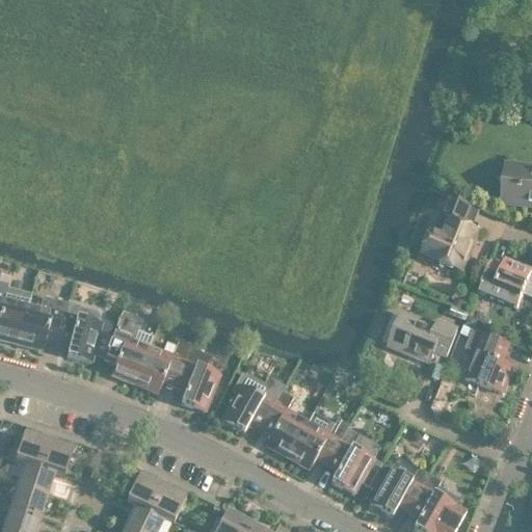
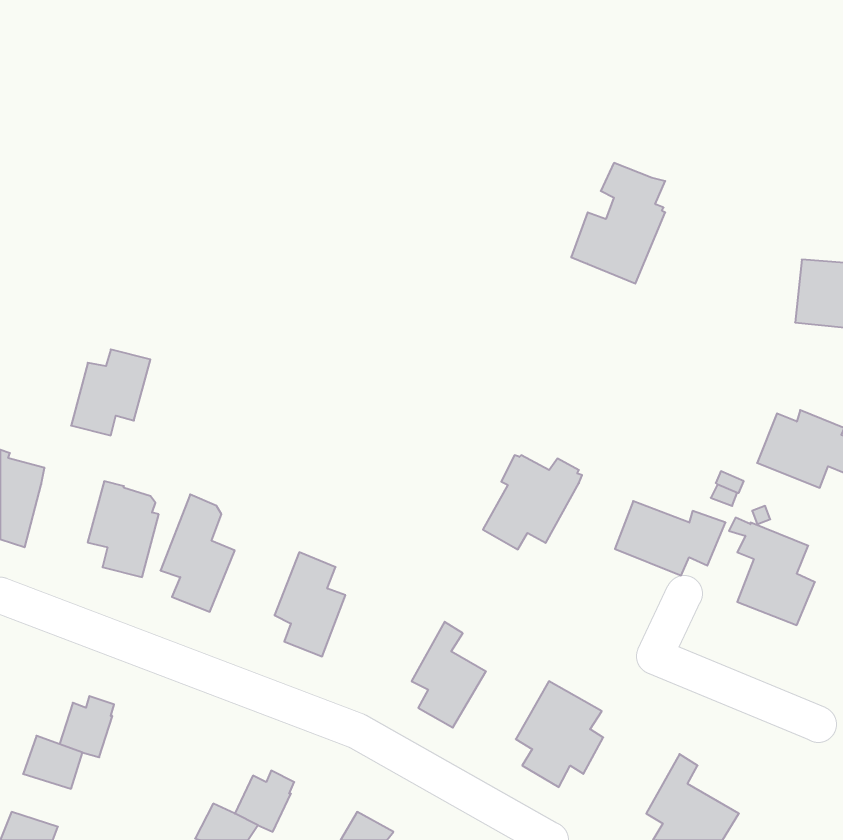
building: [421,195,480,271] -> [571,163,665,284]
building: [17,296,66,350] -> [71,349,150,435]
building: [133,339,190,394] -> none
building: [220,373,283,432] -> [483,455,582,549]
building: [286,418,348,470] -> none
building: [14,427,47,468] -> none
building: [368,463,428,516] -> none
building: [125,470,160,511] -> none
building: [8,486,46,520] -> none

